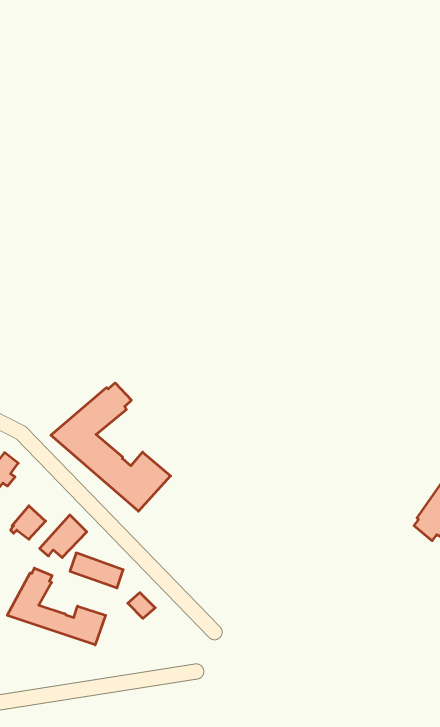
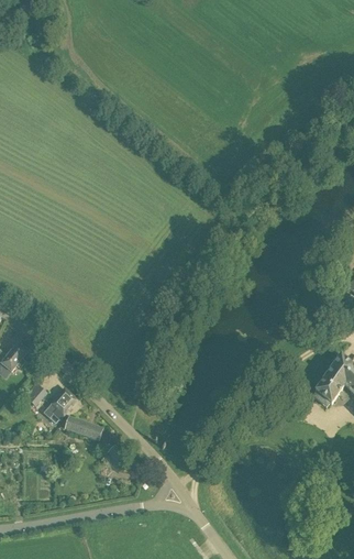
building: [51,383,171,511] -> none
building: [7,568,106,645] -> none

